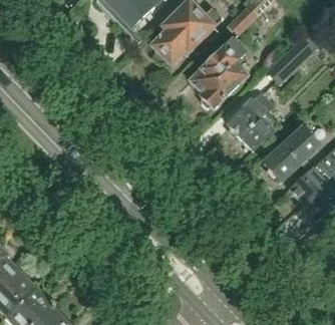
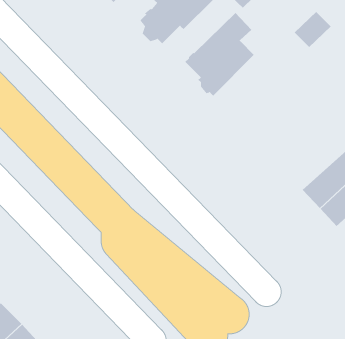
building: [228,84,280,150] -> none
building: [264,128,319,182] -> none

